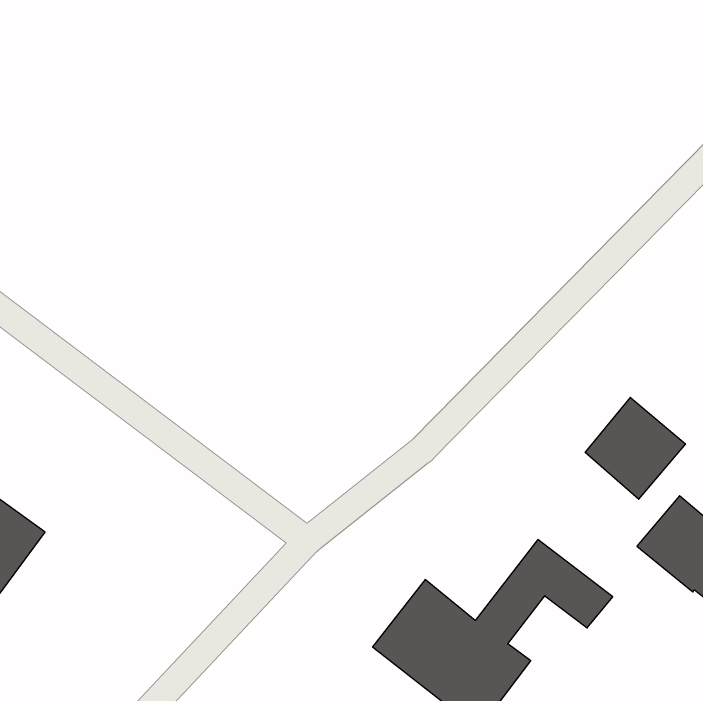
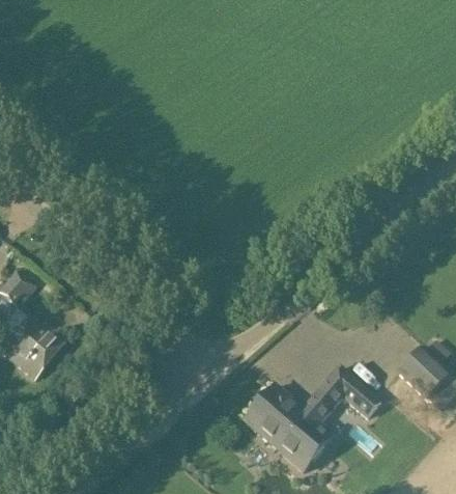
building: [585,397,685,499] -> none

